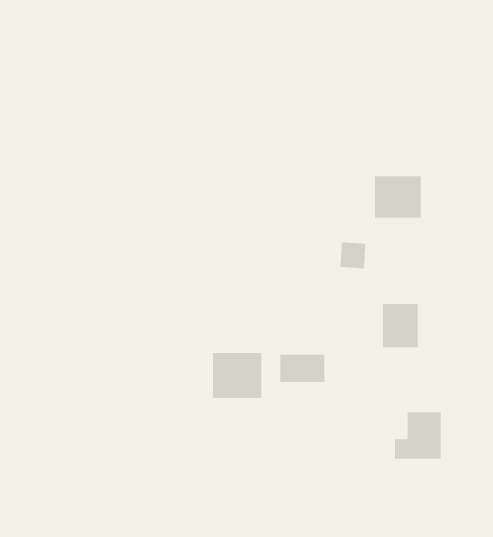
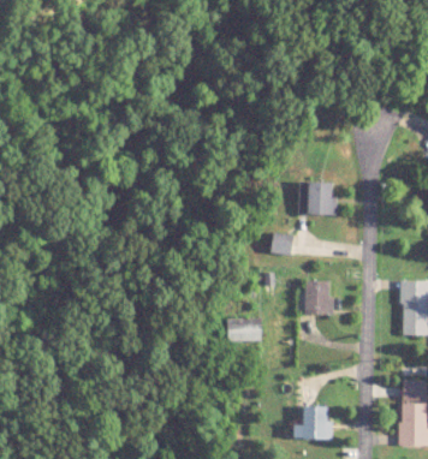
building: [212,352,262,399] -> none
building: [394,412,441,459] -> [293,406,329,442]

